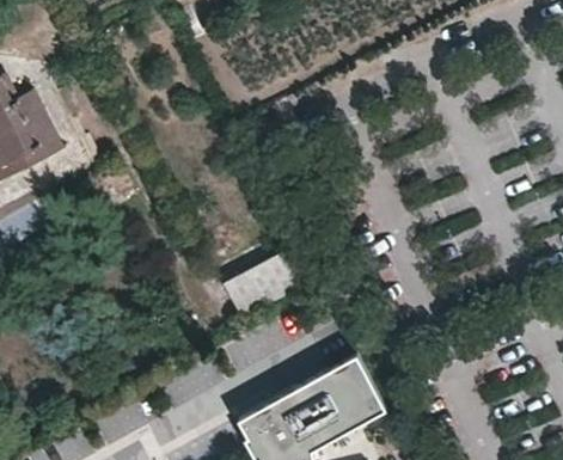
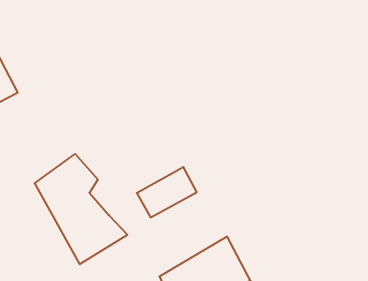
building: none -> [35,154,127,264]

